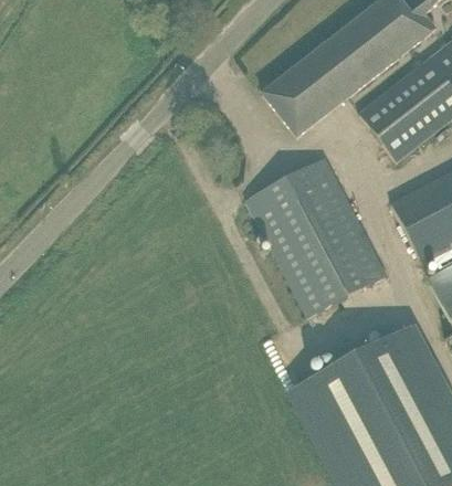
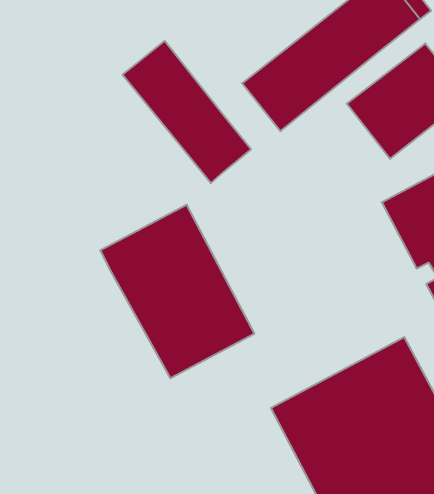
building: none -> [123,41,251,183]
building: [245,156,387,315] -> [100,205,254,378]

